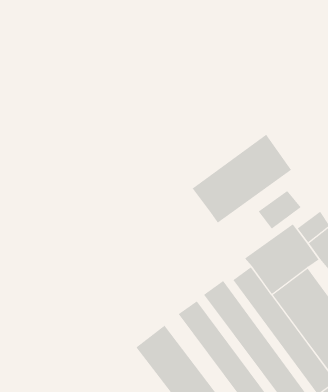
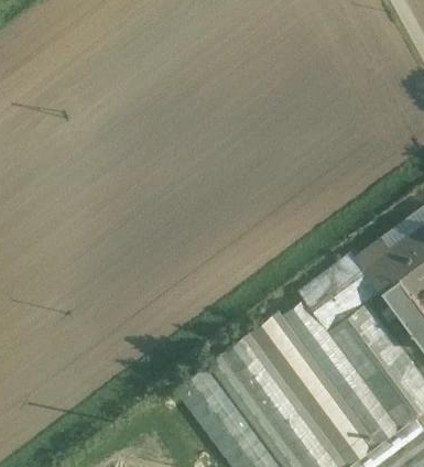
building: [192,134,292,224] -> none
building: [258,190,301,230] -> none

